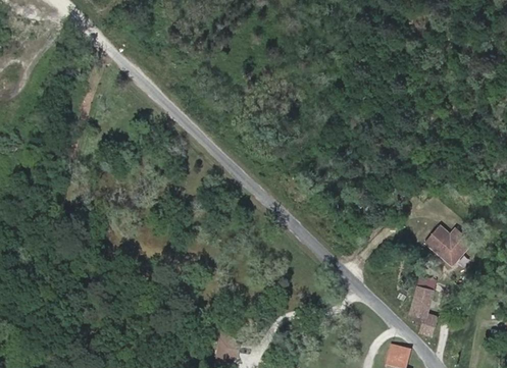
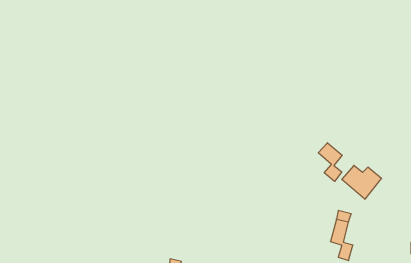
building: none -> [318,143,342,181]

